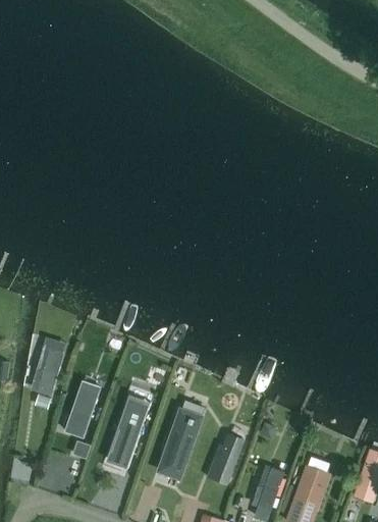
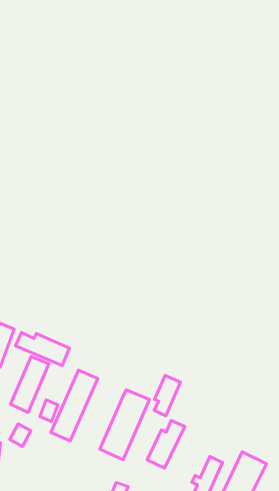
building: none -> [15,332,70,366]
building: none -> [154,375,181,416]

